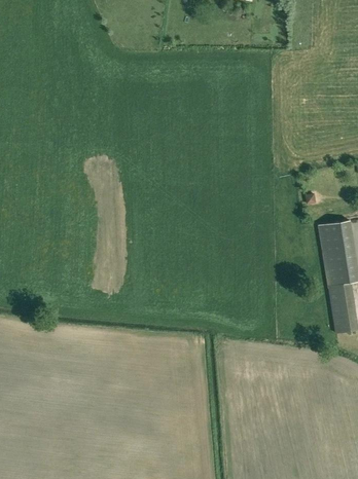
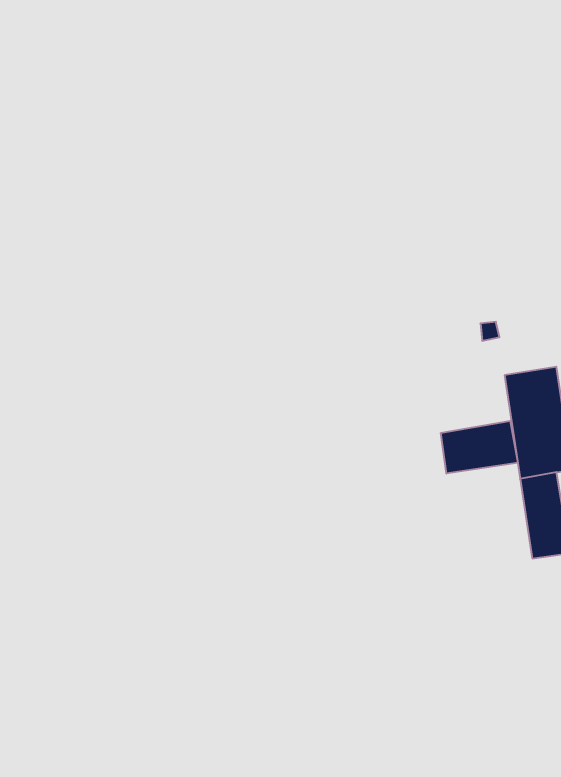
building: none -> [441,421,518,474]

